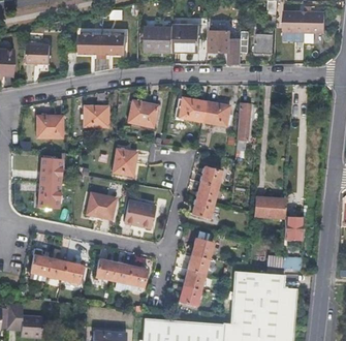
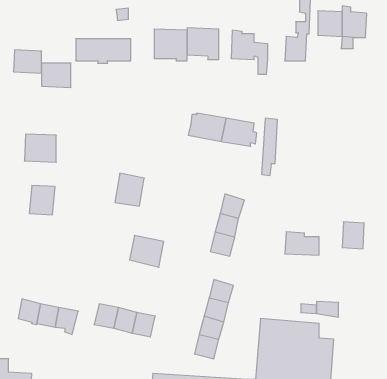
building: [128,98,157,126] -> none
building: [84,105,108,126] -> [42,63,71,88]
building: [37,182,59,208] -> none
building: [86,192,115,219] -> none
building: [284,216,303,239] -> [342,222,364,249]

